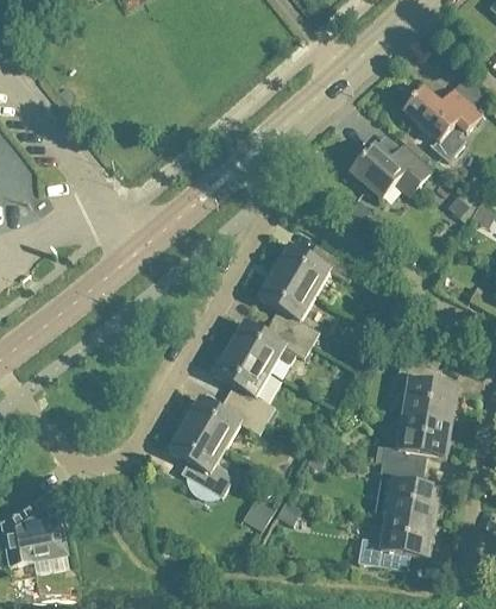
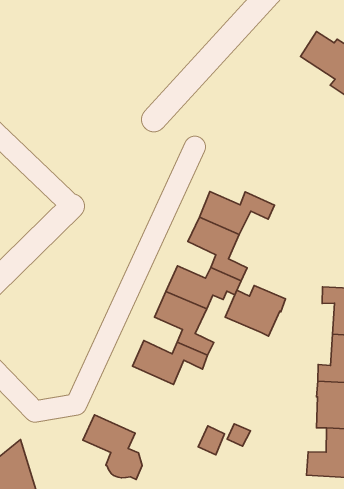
building: [351,143,431,196] -> none
building: none -> [225,285,286,336]
building: [169,422,230,497] -> [83,415,142,479]

